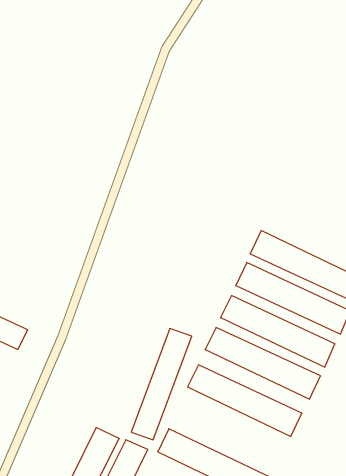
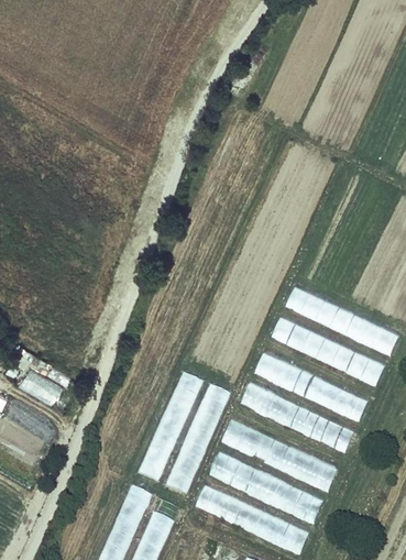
building: none -> [139,372,201,484]
building: none -> [208,453,323,525]

